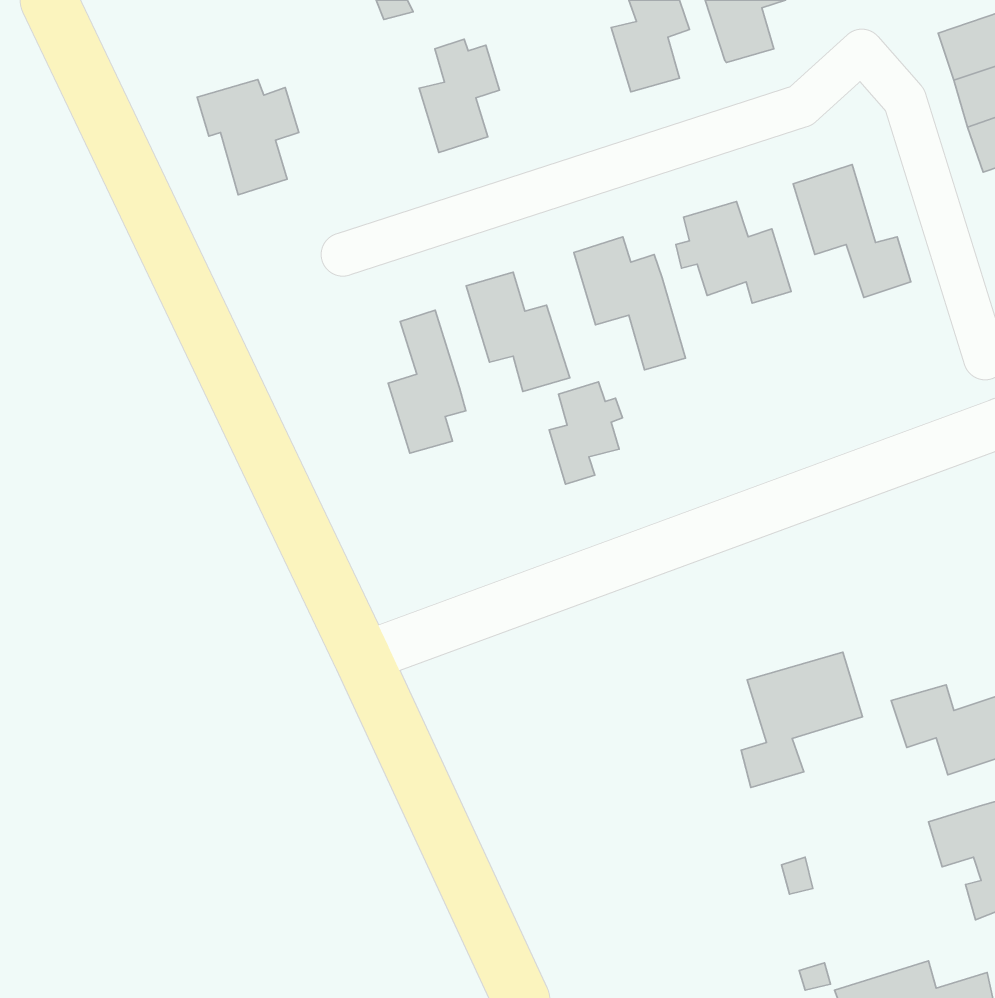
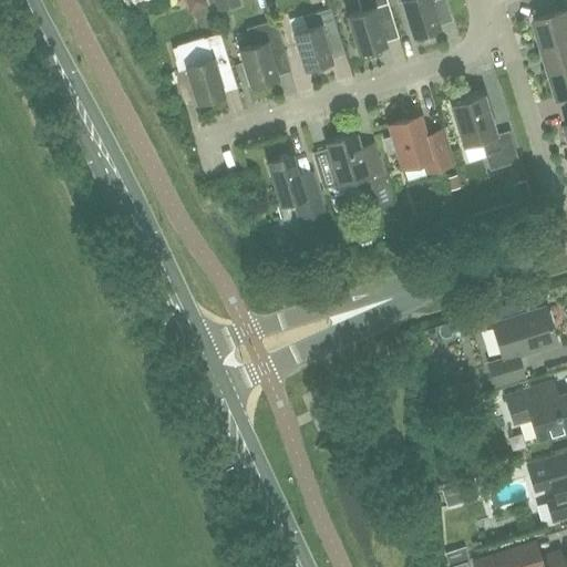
building: none -> [295,10,340,71]
building: [197,80,299,195] -> [174,39,231,104]
building: [388,310,466,453] -> none
building: [549,382,623,484] -> none
building: [741,652,863,787] -> [491,309,559,385]

